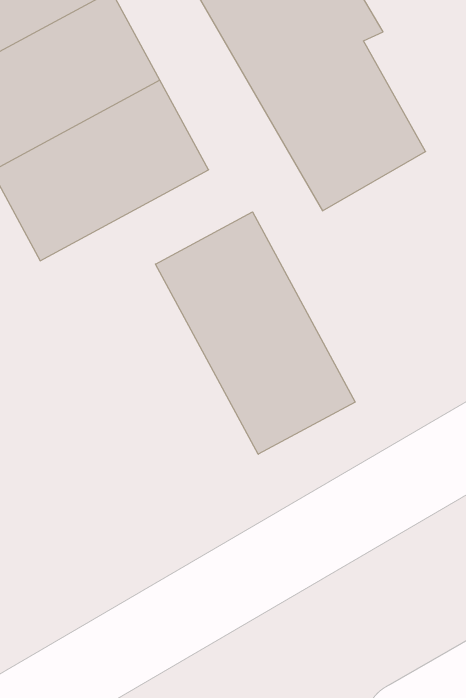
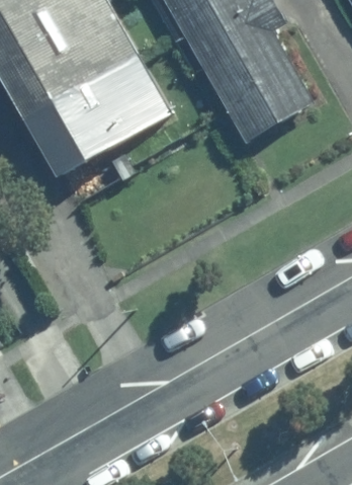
building: [155,212,355,454] -> none

